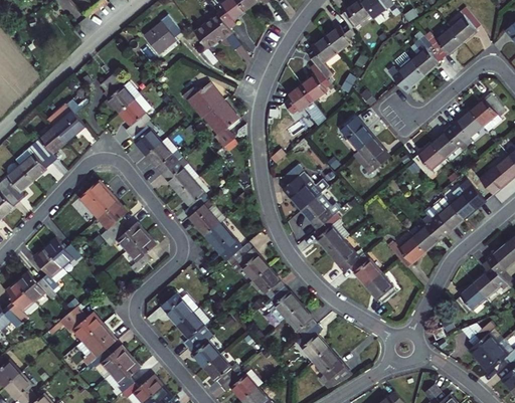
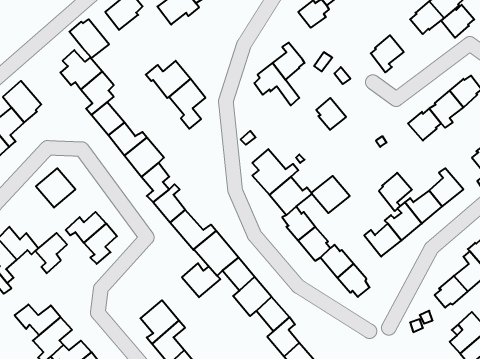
building: [308,36,338,81] -> none
building: [412,43,444,74] -> [441,5,474,38]
building: none -> [69,19,109,58]
building: [351,136,387,171] -> [311,176,350,213]
building: [412,142,444,178] -> [379,173,412,211]
building: [96,204,126,242] -> [35,233,67,273]
building: [161,293,197,326] -> [182,263,220,297]

